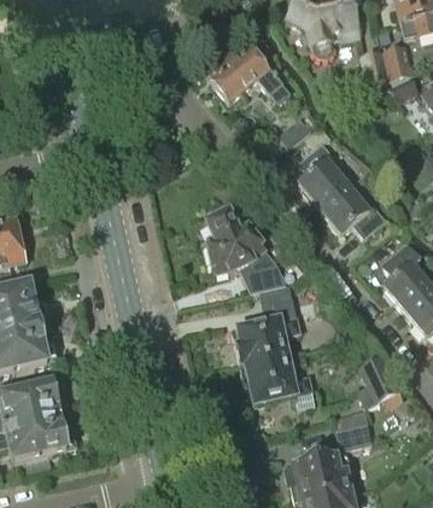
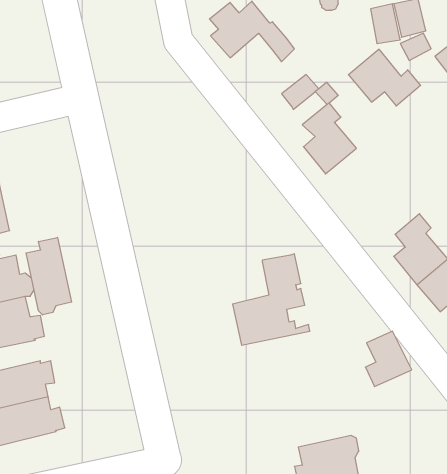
building: [318,183,386,237] -> [348,49,421,106]
building: [206,209,286,291] -> none
building: none -> [26,237,72,315]
building: [240,355,311,403] -> none
building: [334,421,371,449] -> none

